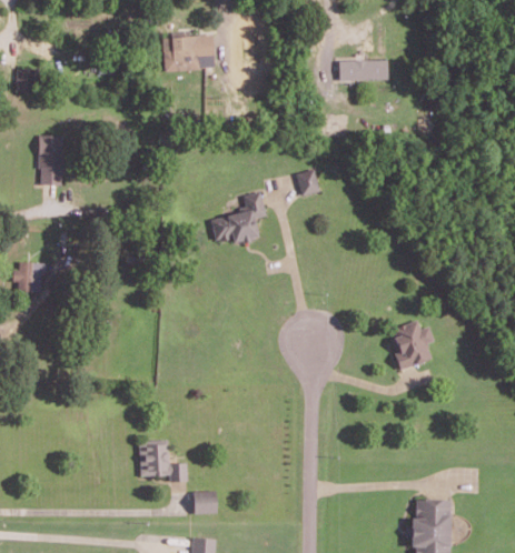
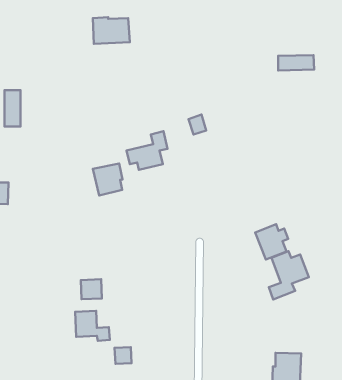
building: [339,60,389,81] -> [278,55,314,70]
building: none -> [93,164,122,195]
building: none -> [269,251,309,300]
building: none -> [81,279,102,299]

